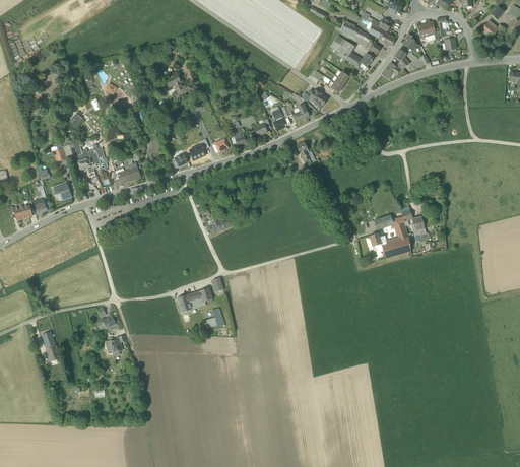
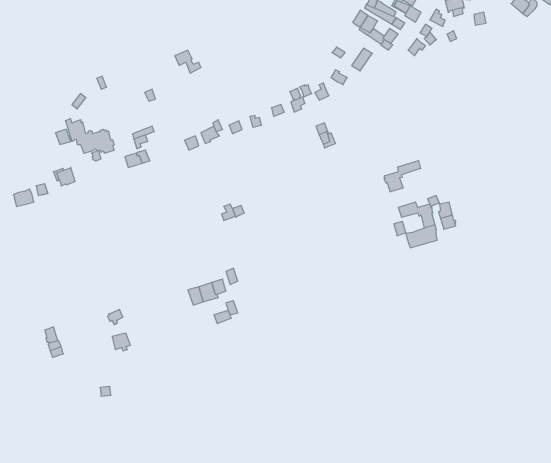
building: none -> [384,161,421,192]

